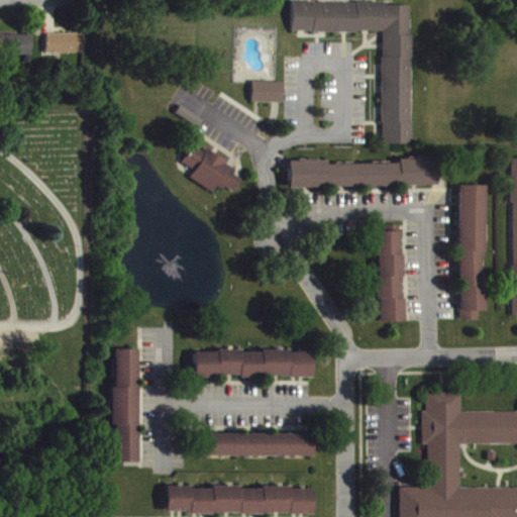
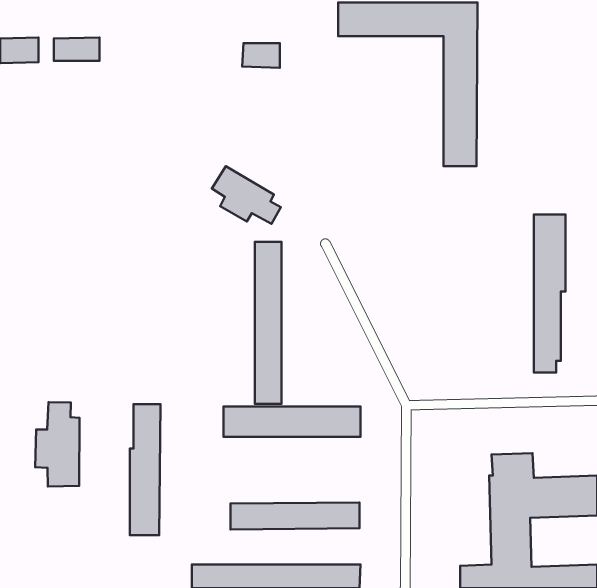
building: [251,81,284,102] -> [242,43,280,68]
building: [289,158,437,188] -> none
building: none -> [255,242,281,404]
building: [378,231,403,322] -> none
building: none -> [35,402,80,487]

